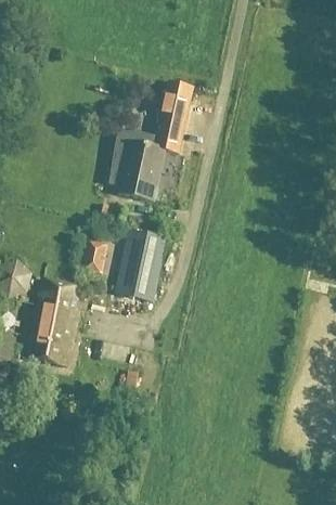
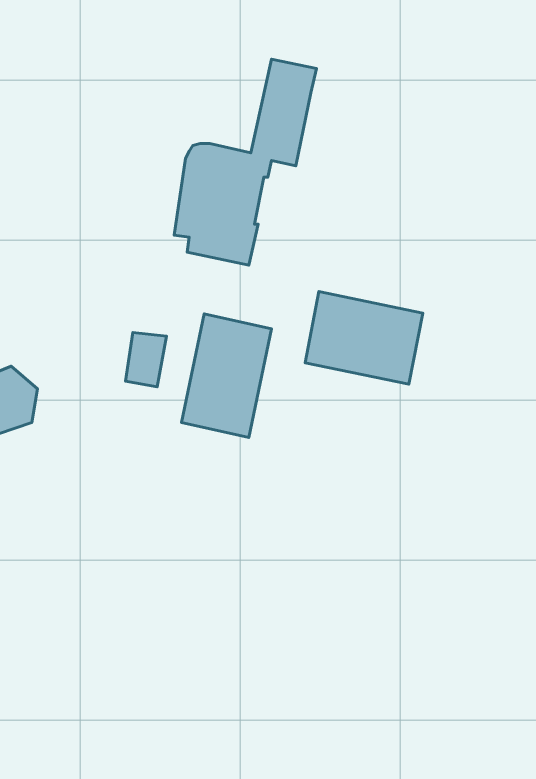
building: none -> [305,291,423,384]
building: [29,279,80,364] -> none

